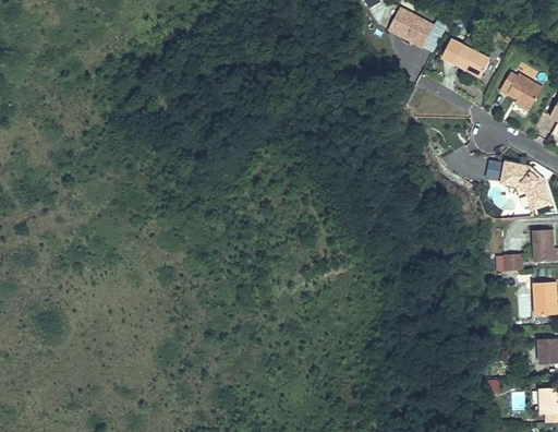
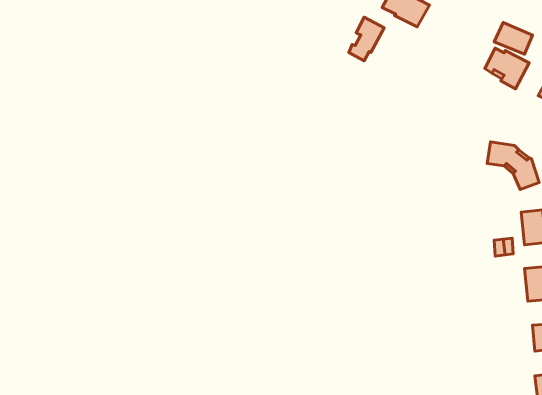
building: none -> [349,17,384,61]
building: [446,45,483,75] -> [494,23,532,54]

